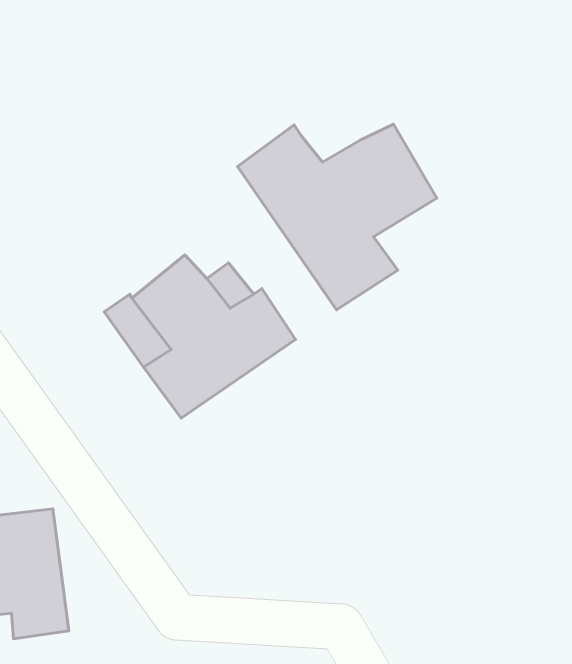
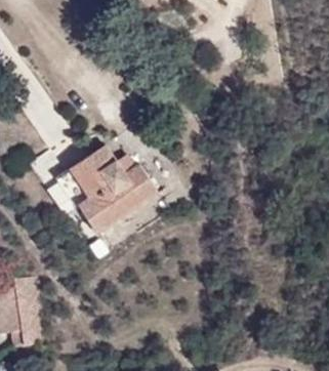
building: [237,124,437,310] -> none

